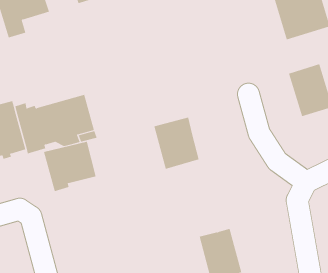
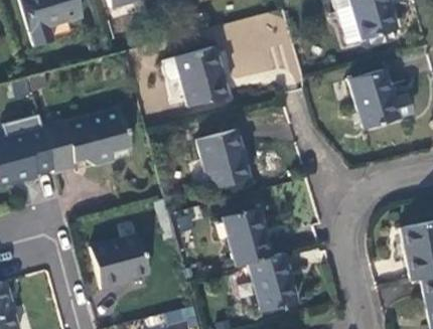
building: none -> [176,46,242,106]
building: [43,141,96,192] -> [91,230,150,287]
building: none -> [221,209,269,268]

